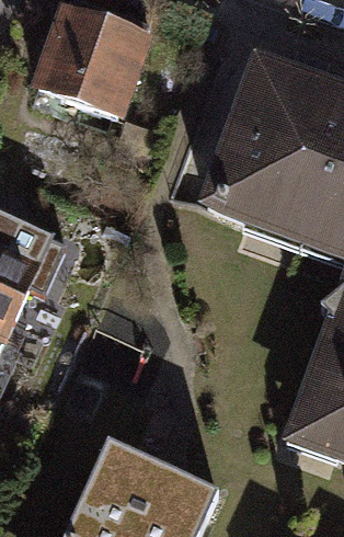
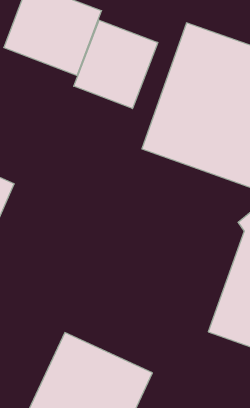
building: none -> [74,20,158,109]

